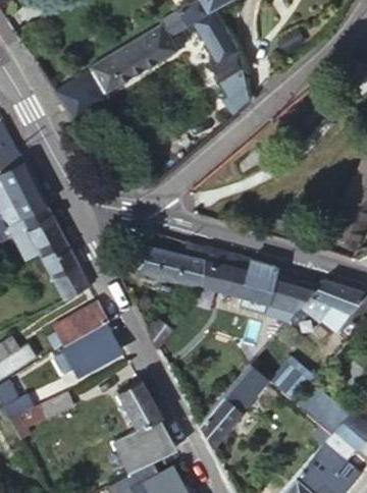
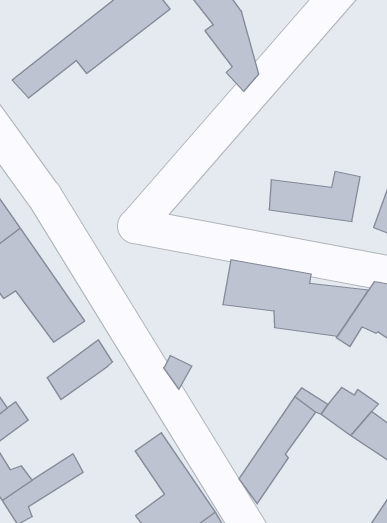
building: [137,244,211,285] -> [269,172,360,222]
building: [55,324,119,377] -> none

